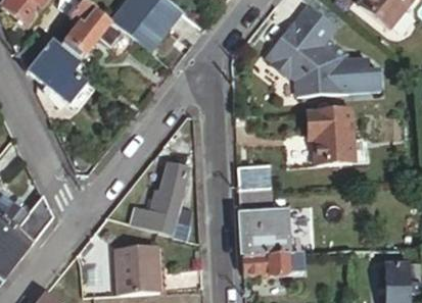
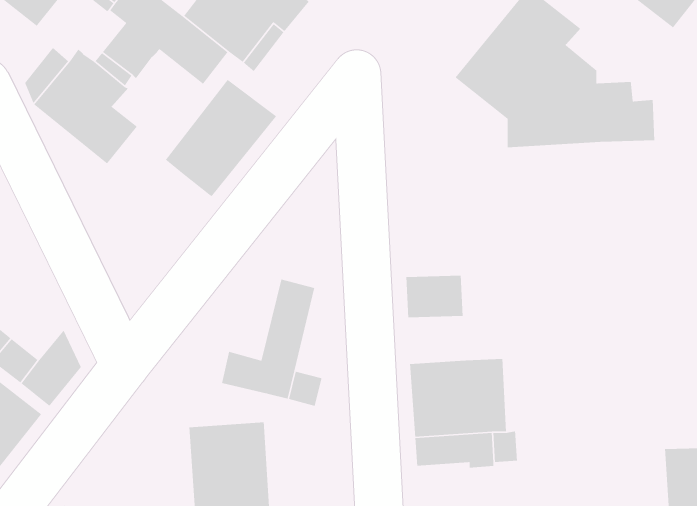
building: none -> [165,79,277,197]
building: [304,108,354,166] -> none
building: [239,189,272,215] -> none

